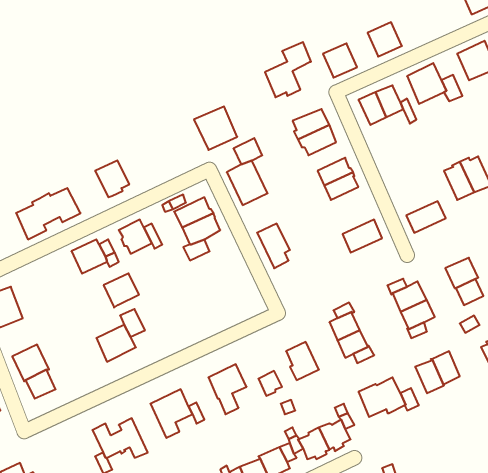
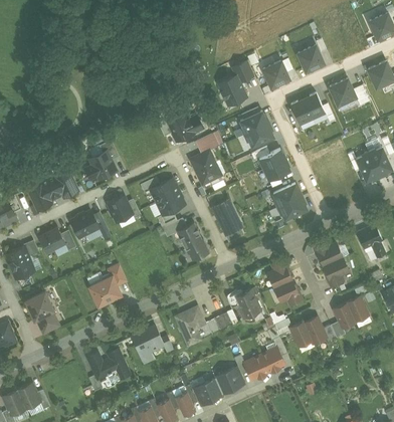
building: [406,201,446,233] -> [272,183,303,207]
building: none -> [177,223,209,261]
building: [104,273,139,308] -> [38,227,65,253]

